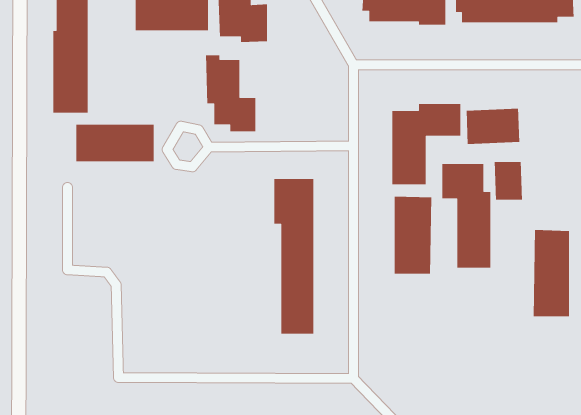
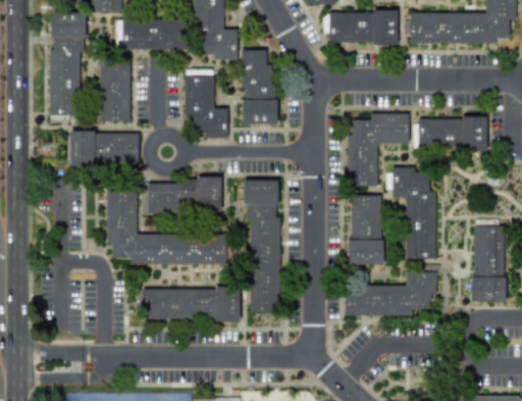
building: none -> [242,50,276,124]
building: none -> [99,60,130,122]
building: [494,161,523,201] -> [462,116,487,151]
building: none -> [142,180,221,213]
building: none -> [106,192,226,264]
building: none -> [345,265,437,314]
building: none -> [142,288,240,320]

